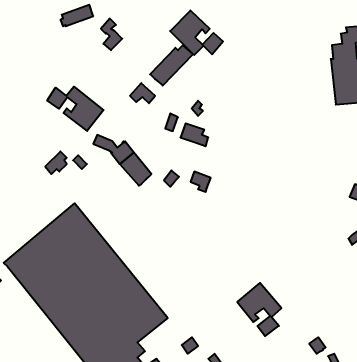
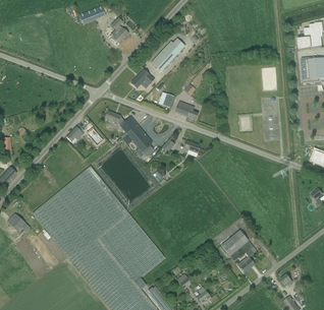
building: [170,10,223,55] -> none
building: [47,87,104,131] -> none

